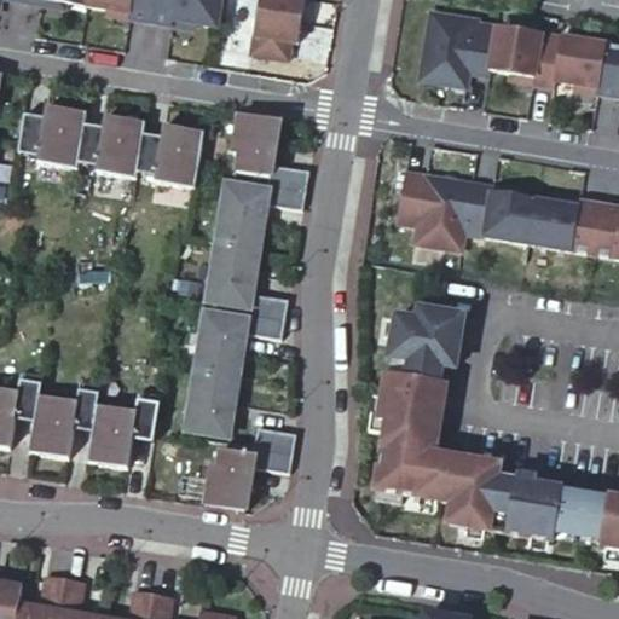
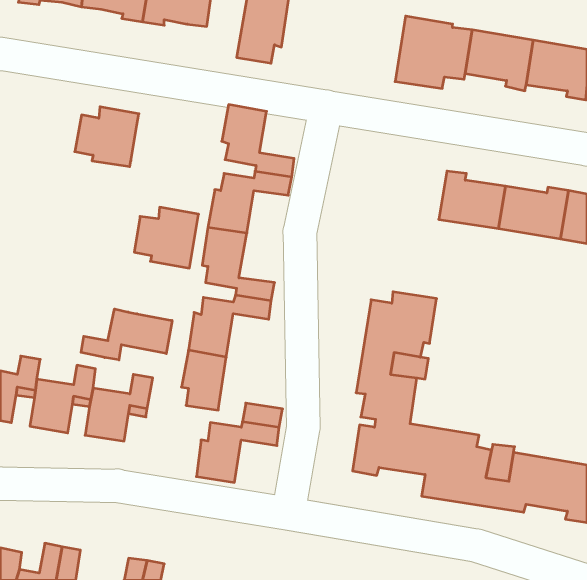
building: [19,103,87,166] -> none
building: [138,122,206,186] -> [134,207,199,268]
building: [394,169,470,248] -> none
building: none -> [81,309,172,360]

